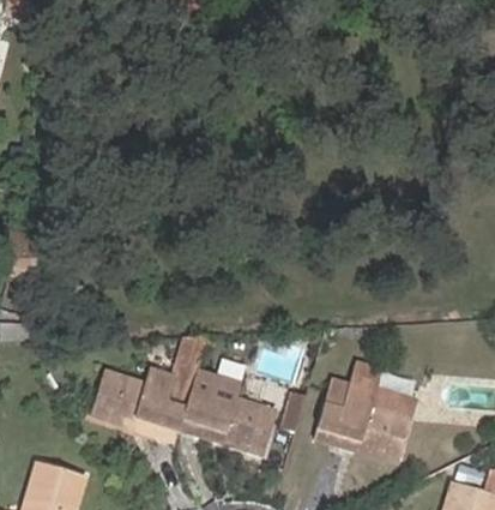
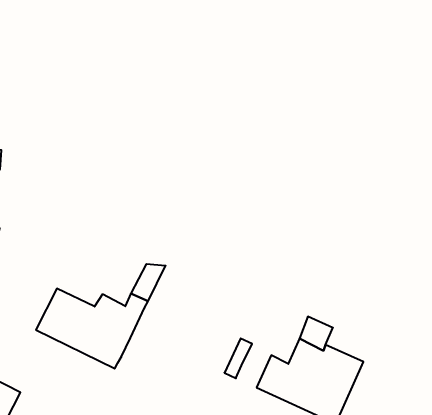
building: [179,377,276,455] -> none

